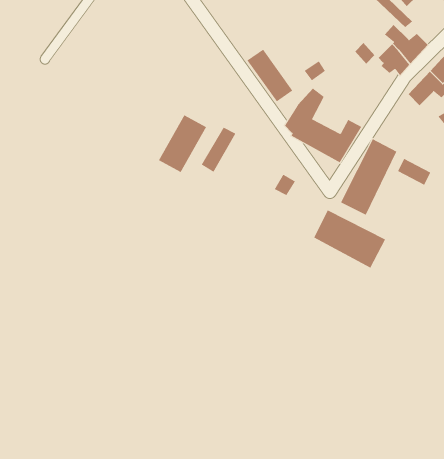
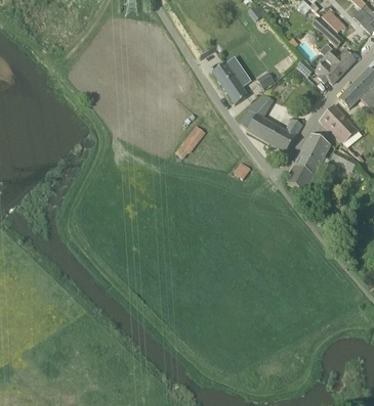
building: none -> [320,103,357,142]
building: [158,114,207,173] -> none
building: [314,210,386,269] -> none

